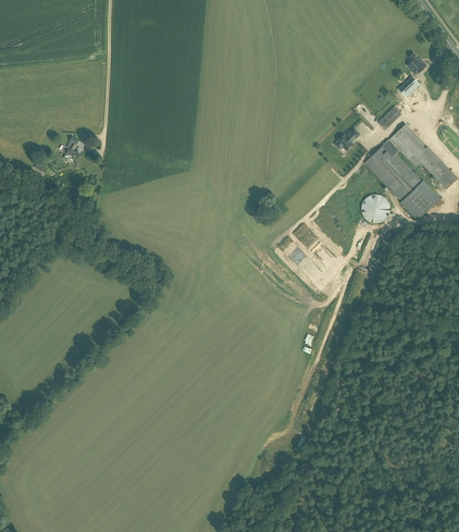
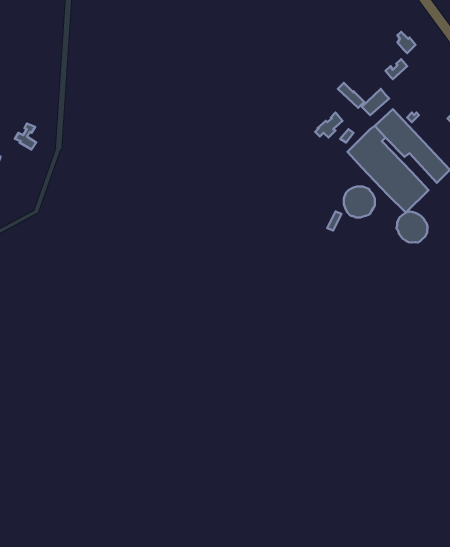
building: none -> [397,212,428,243]

